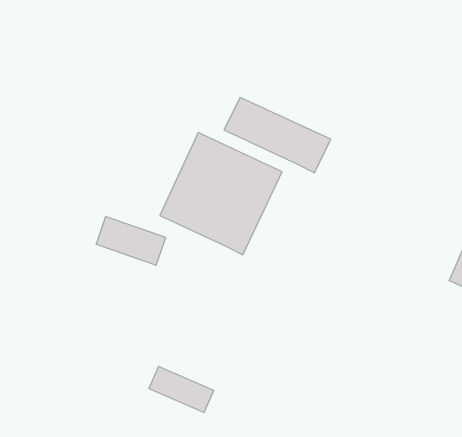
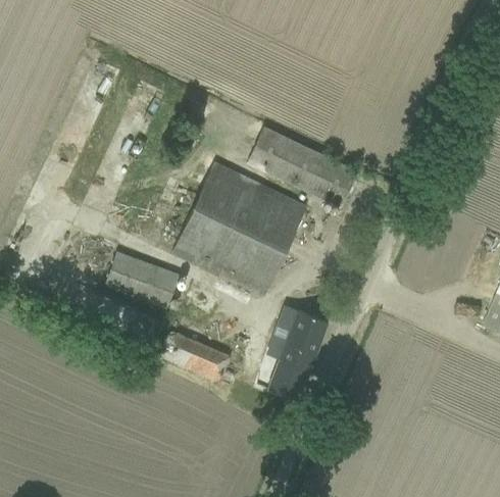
building: none -> [253,302,329,399]
building: [149,367,214,412] -> [160,330,230,379]

